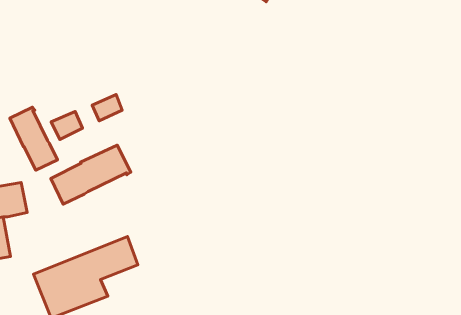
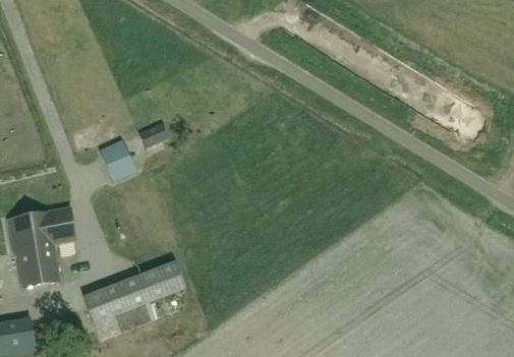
building: [10,107,57,170] -> none
building: [51,145,131,204] -> none

